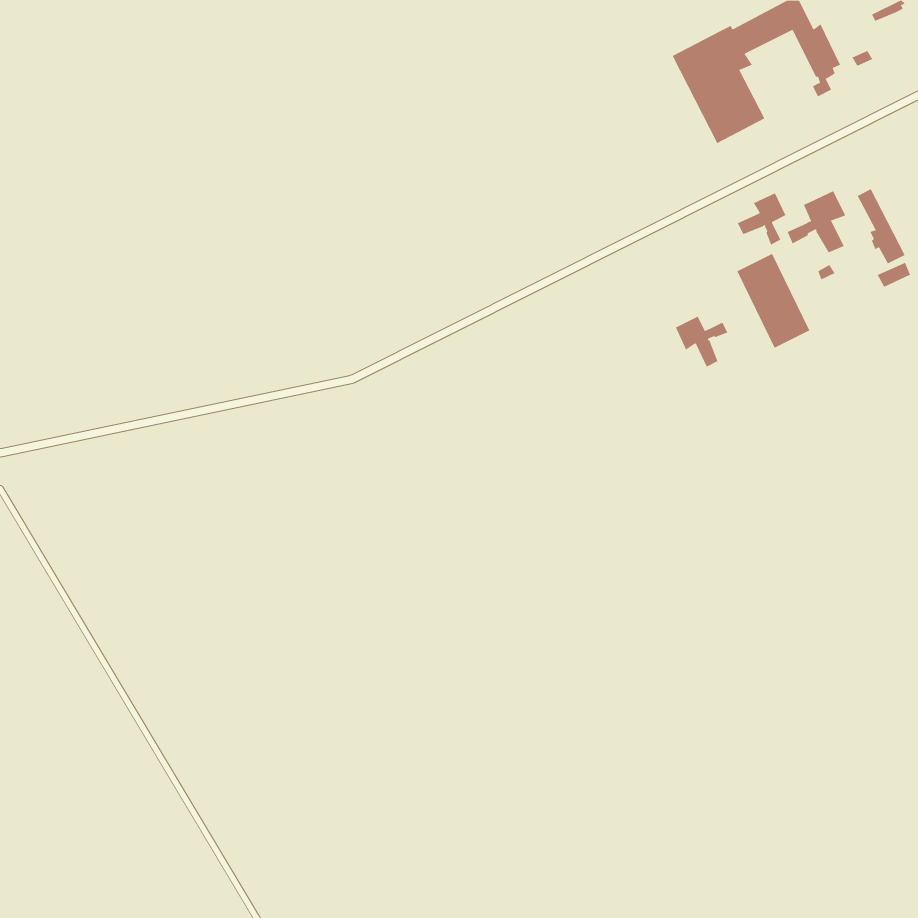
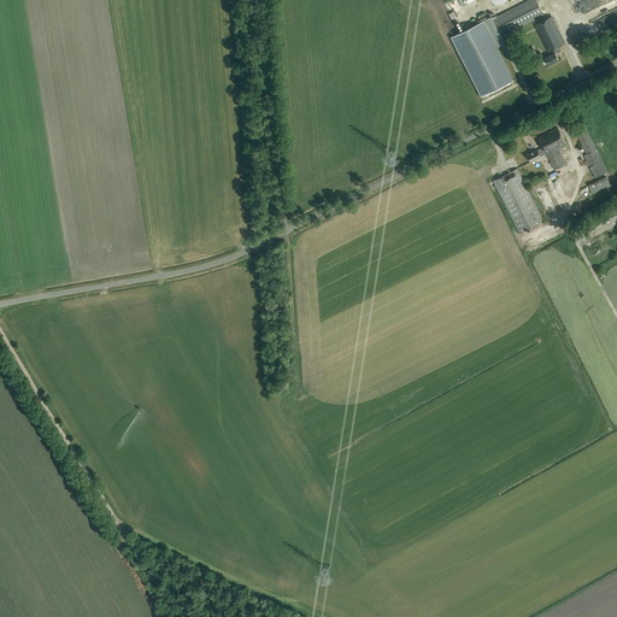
building: [737,193,786,245] -> none
building: [675,316,728,368] -> none

